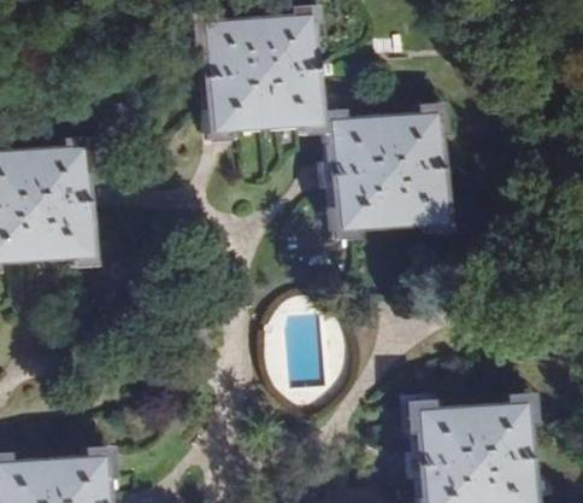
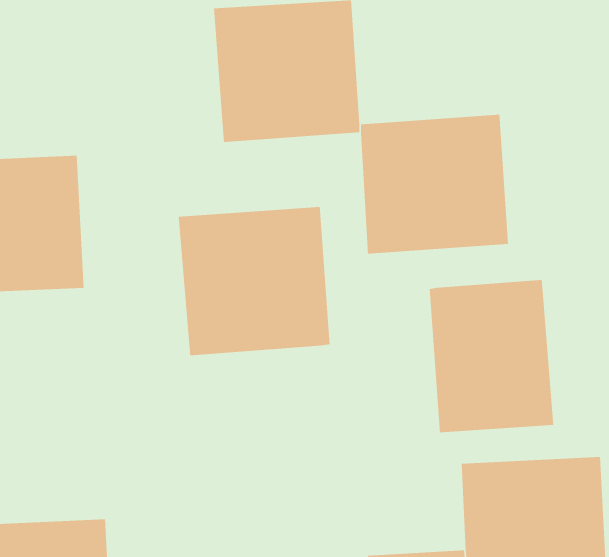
building: none -> [178,206,330,356]
building: none -> [429,279,554,433]

